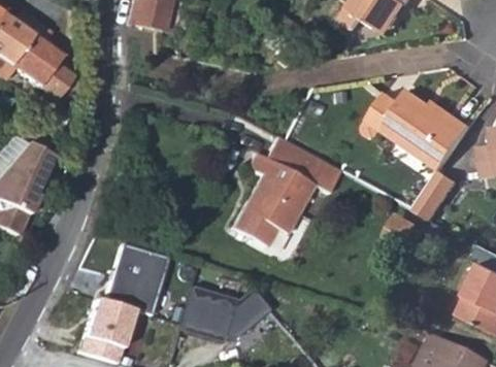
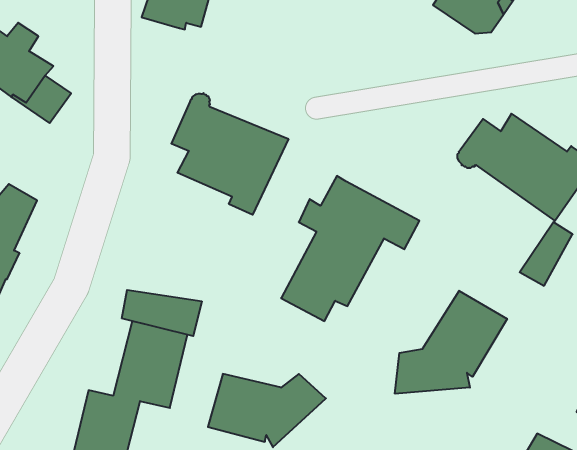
building: none -> [171,93,288,215]
building: none -> [122,290,202,336]
building: none -> [395,291,507,394]

